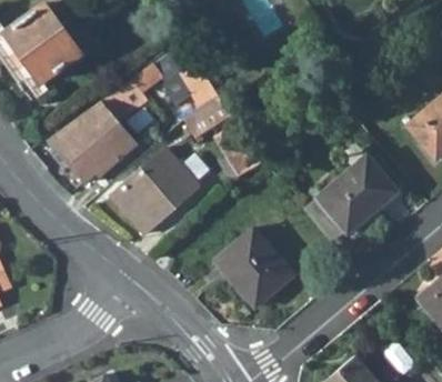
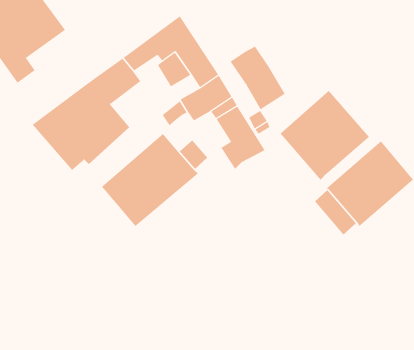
building: none -> [230,46,285,110]
building: none -> [280,90,370,181]
building: [215,228,292,306] -> none

